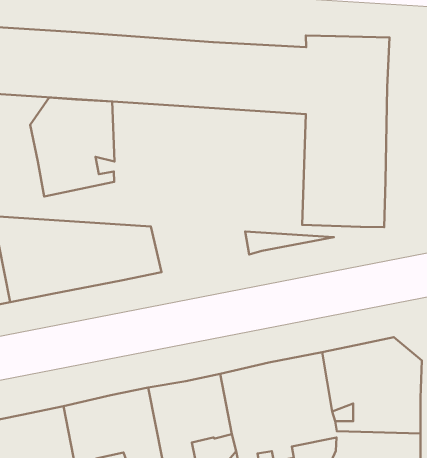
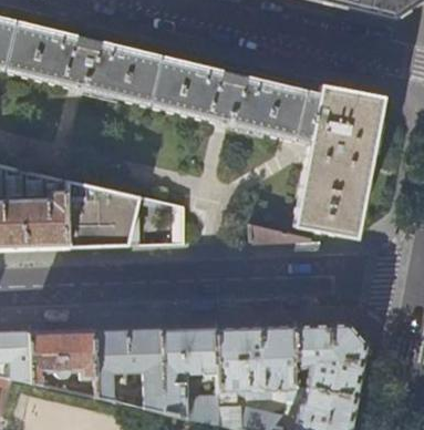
building: [30,97,115,197] -> none

